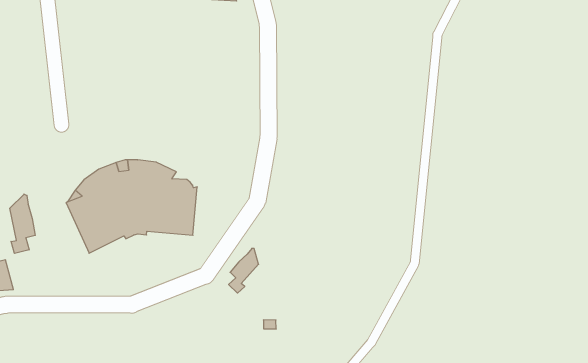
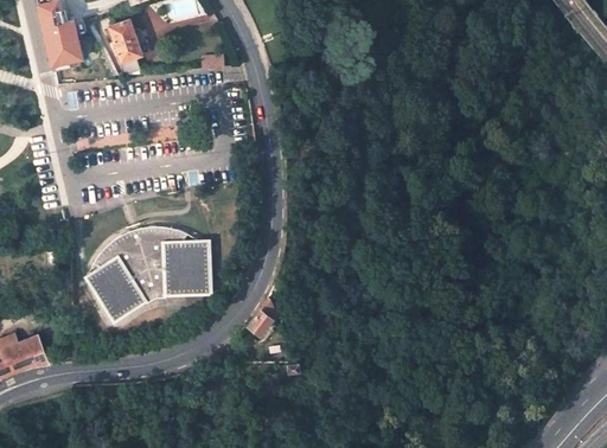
building: [10,194,35,253] -> none

